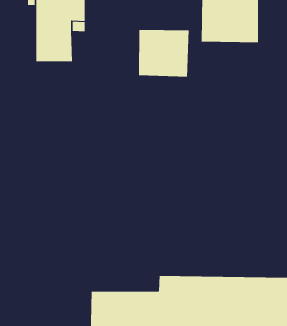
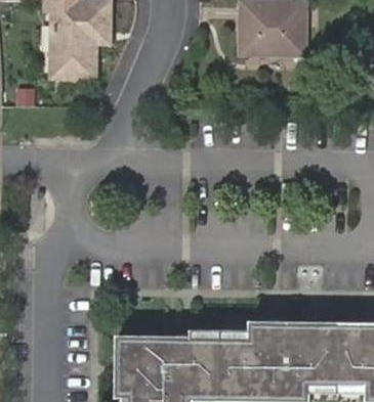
building: [138,29,189,78] -> none

